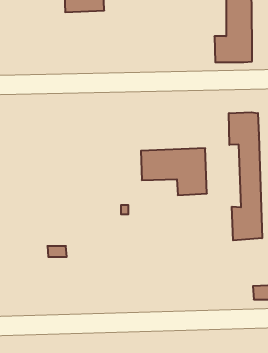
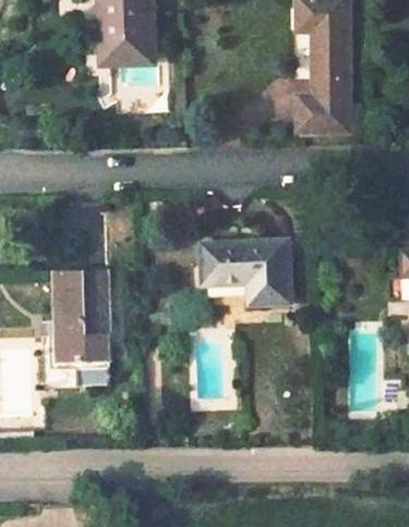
building: [229,112,262,240] -> none
building: none -> [52,270,110,360]

